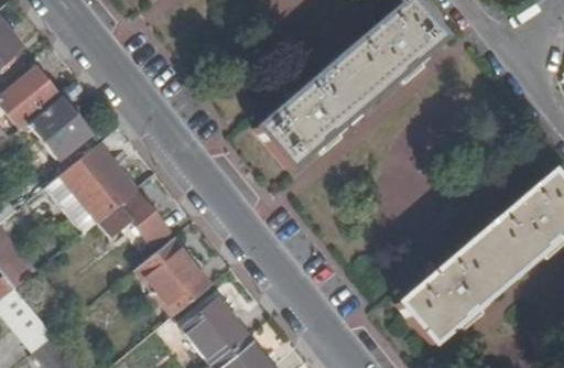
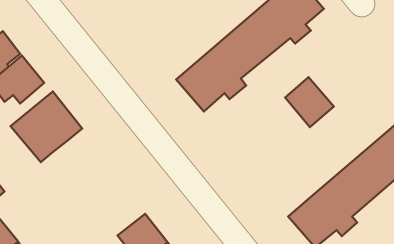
building: none -> [285,77,334,127]
building: [98,193,169,245] -> none
building: [135,237,213,316] -> none

